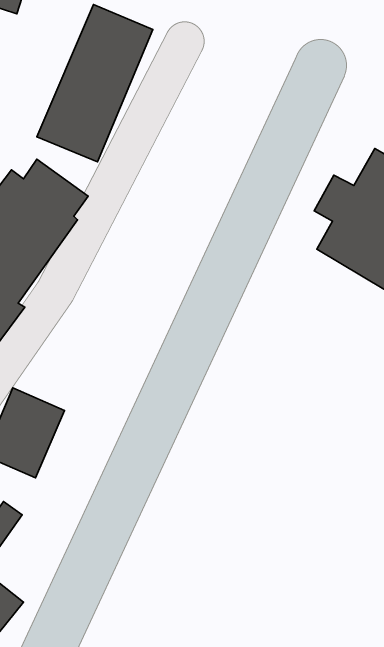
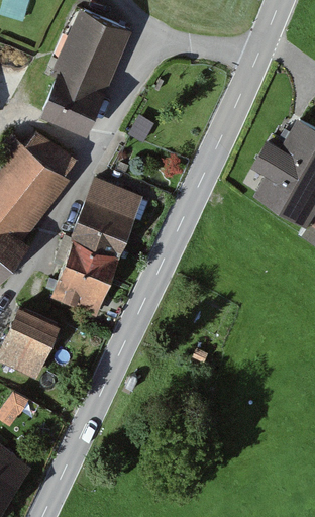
building: none -> [59,180,145,303]

